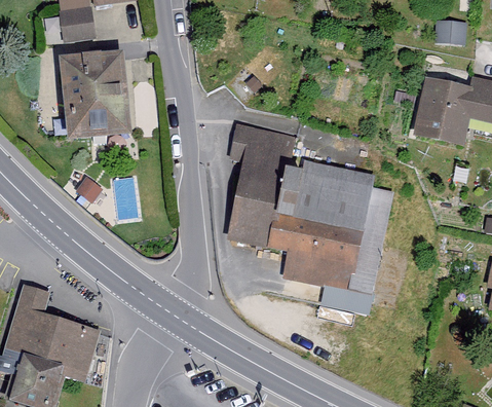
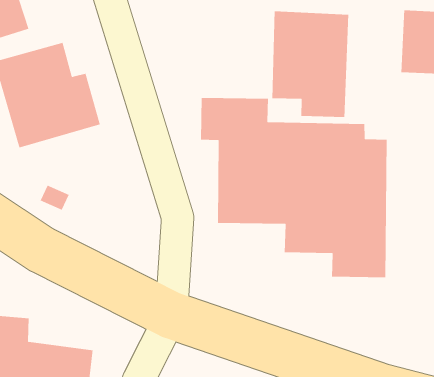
building: none -> [271,11,349,118]

